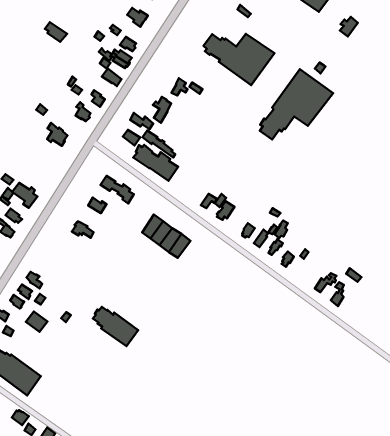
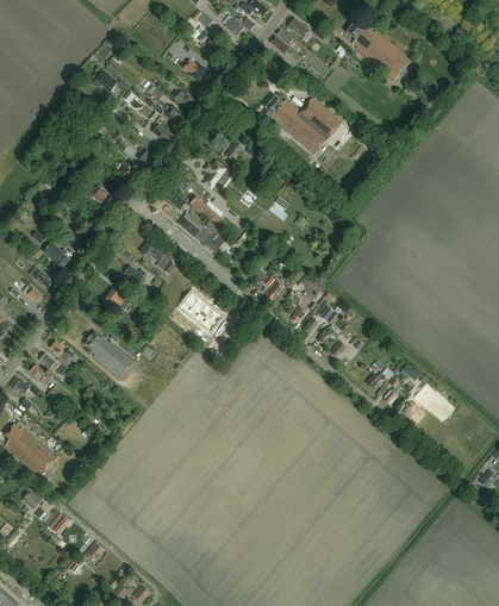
building: [260,69,333,139] -> none
building: [93,307,138,346] -> [86,332,135,377]

